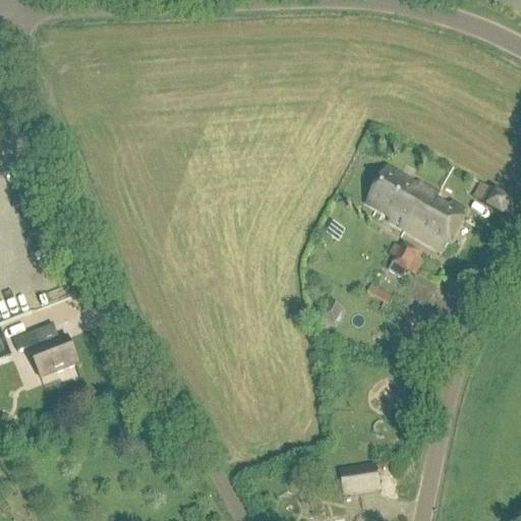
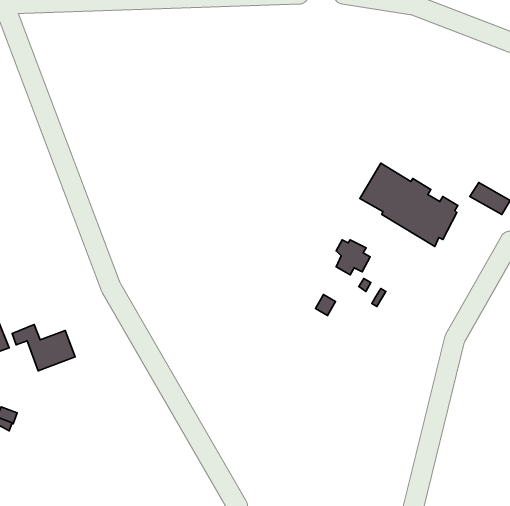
building: [388,240,422,276] -> [336,240,370,275]
building: [339,461,378,494] -> none

